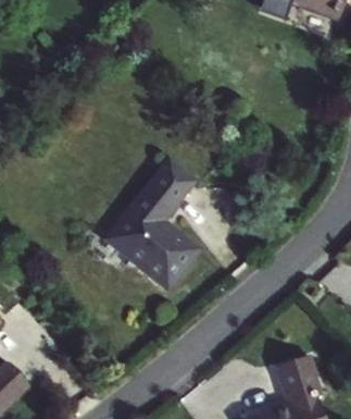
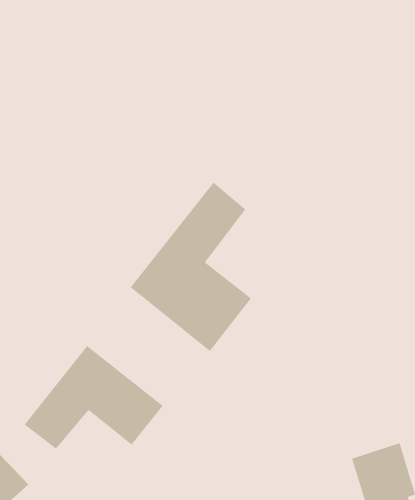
building: none -> [24,345,164,450]

